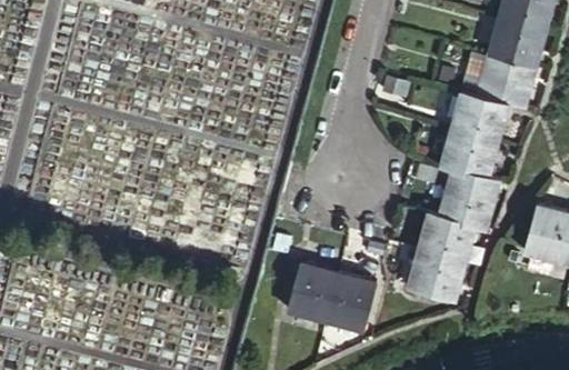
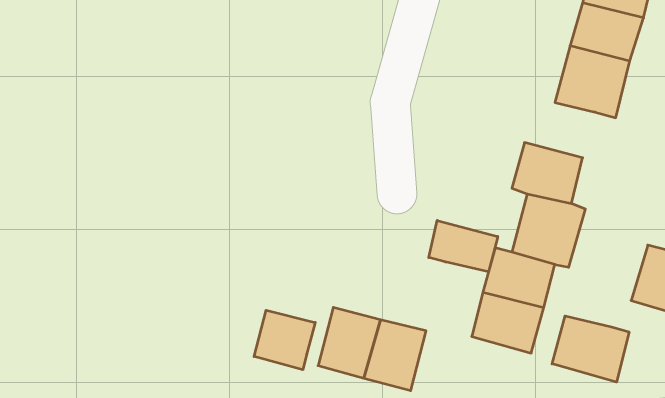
building: [451,93,508,142] -> none
building: none -> [429,220,498,272]
building: none -> [254,310,315,370]
building: none -> [552,316,629,382]

